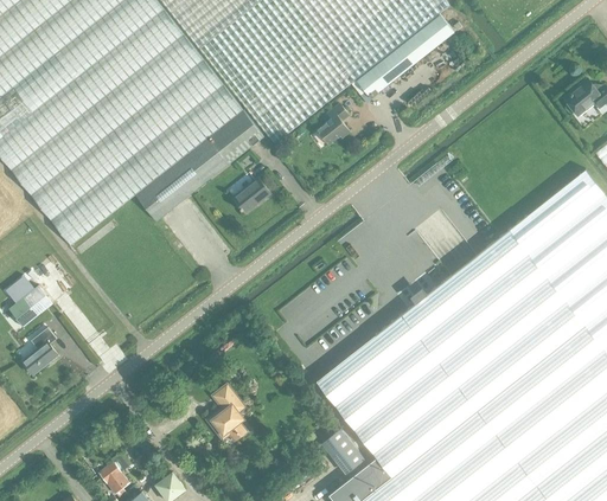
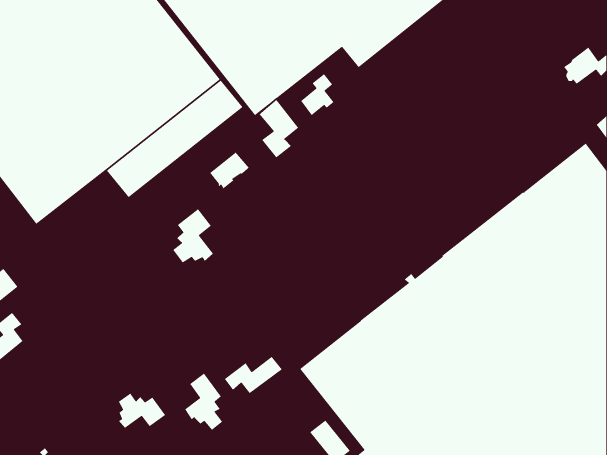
building: none -> [259,99,299,159]
building: none -> [172,208,214,264]
building: none -> [224,356,283,394]
building: none -> [118,393,166,429]

